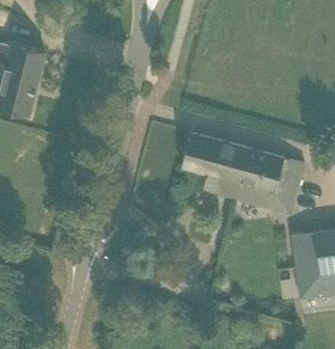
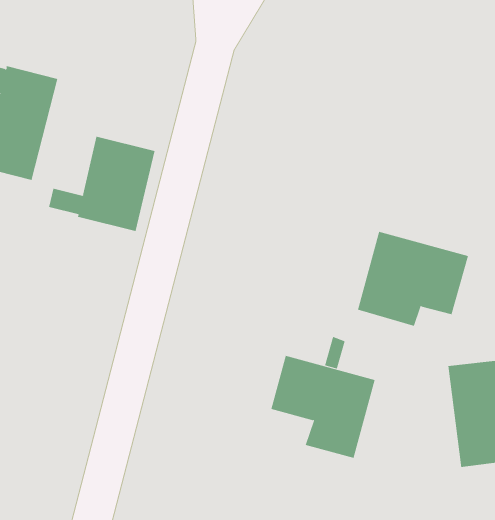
building: none -> [49,136,155,232]
building: [181,133,248,198] -> [271,355,376,458]

